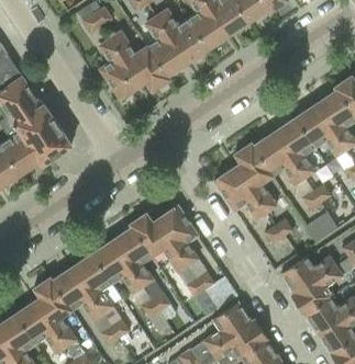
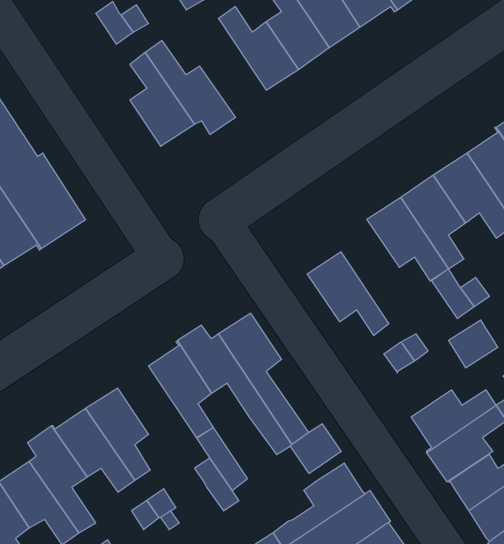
building: [145,16,188,80] -> none
building: [234,144,278,213] -> none
building: [92,240,143,294] -> none

